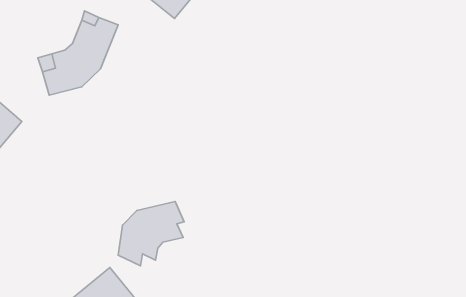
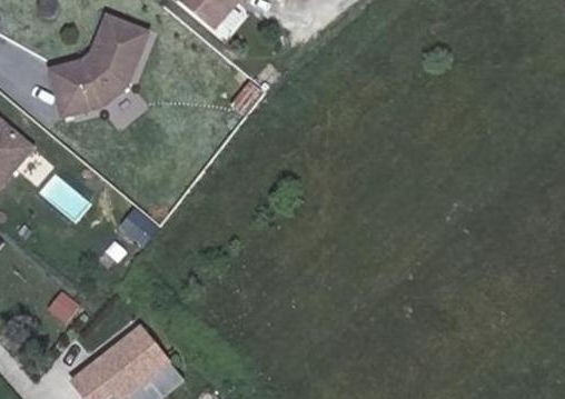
building: [118,201,184,266] -> none

